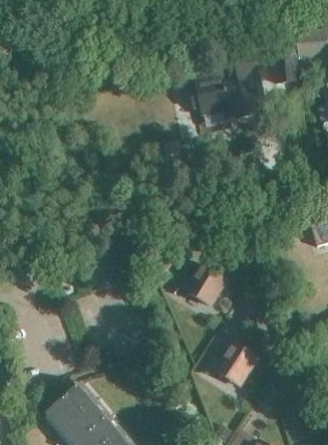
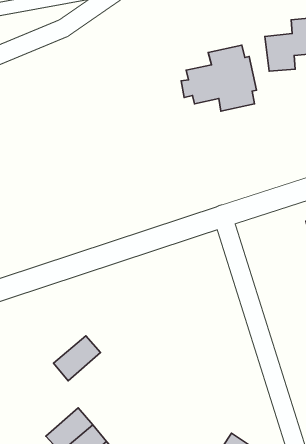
building: [178,262,226,304] -> none
building: [207,343,256,385] -> none
building: [47,388,92,431] -> [53,336,101,381]

